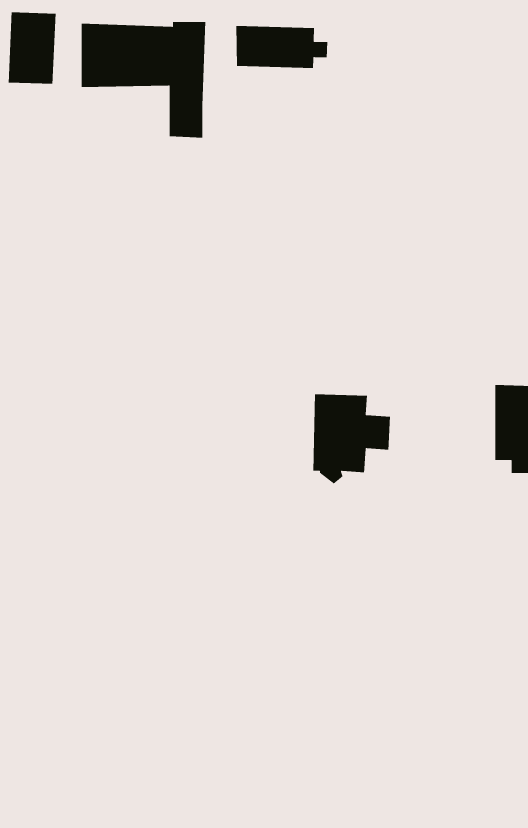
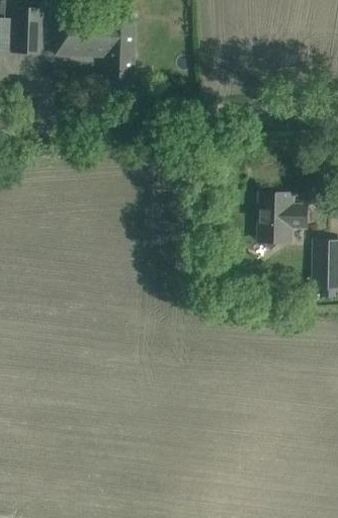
building: [236,25,328,69] -> none
building: [313,393,391,485] -> [259,193,308,250]

